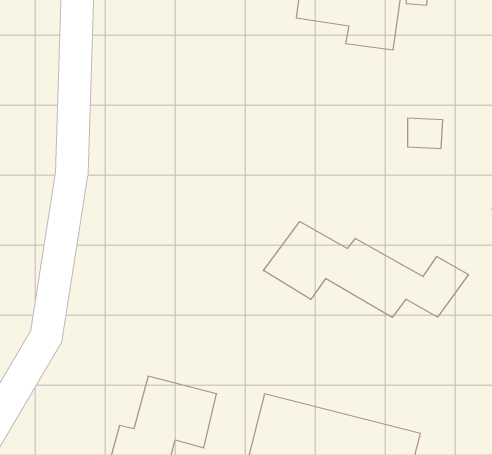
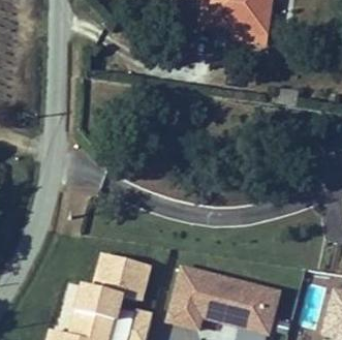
building: [263,222,468,317] -> none

